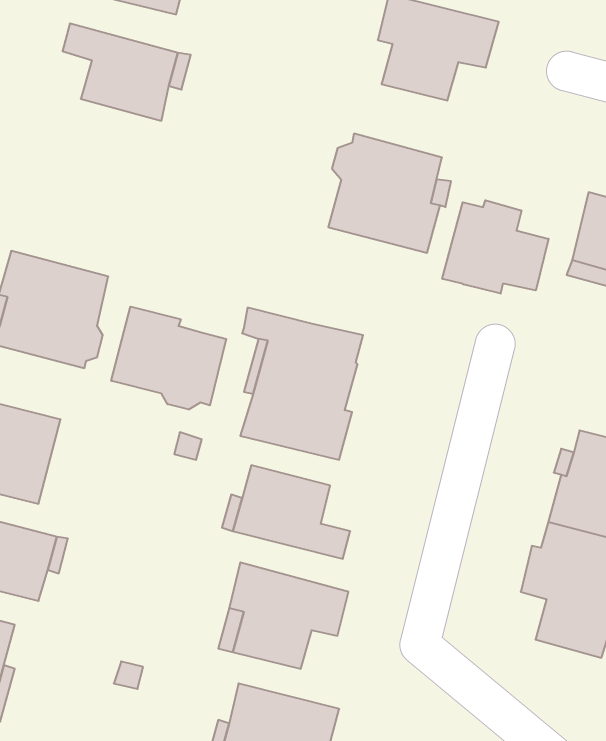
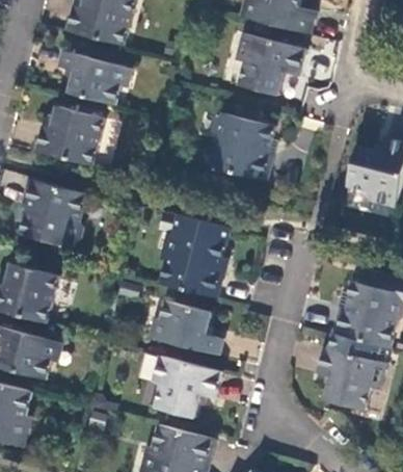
building: none -> [36,106,104,165]
building: [442,200,549,294] -> none
building: [111,307,226,410] -> none

